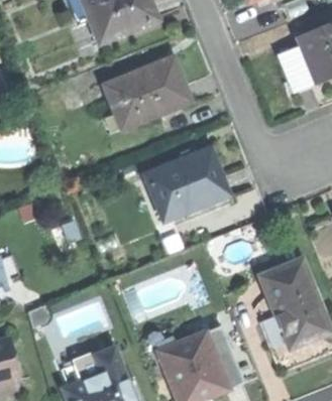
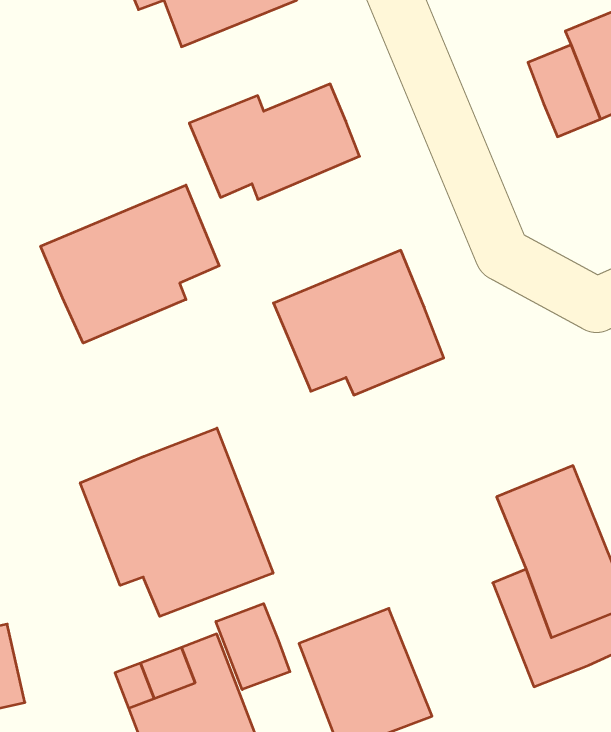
building: none -> [41,185,219,343]
building: none -> [80,428,273,616]
building: none -> [216,604,290,690]

